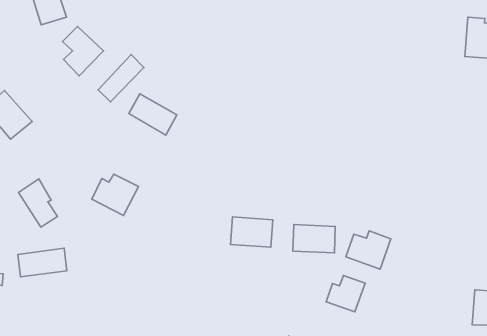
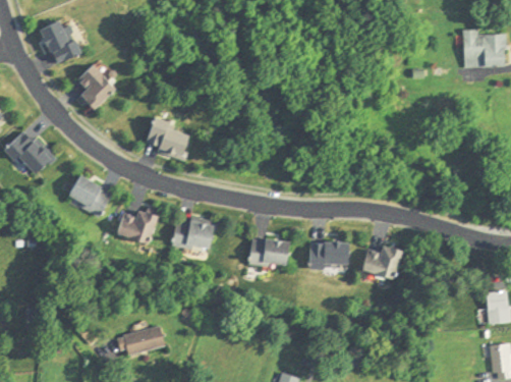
building: [98,54,144,102] -> none
building: [19,179,57,227] -> [69,172,108,218]
building: none -> [171,215,216,251]
building: [18,248,67,277] -> [116,325,164,356]
building: [326,276,365,312] -> none

